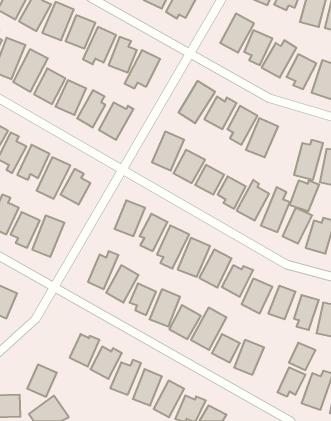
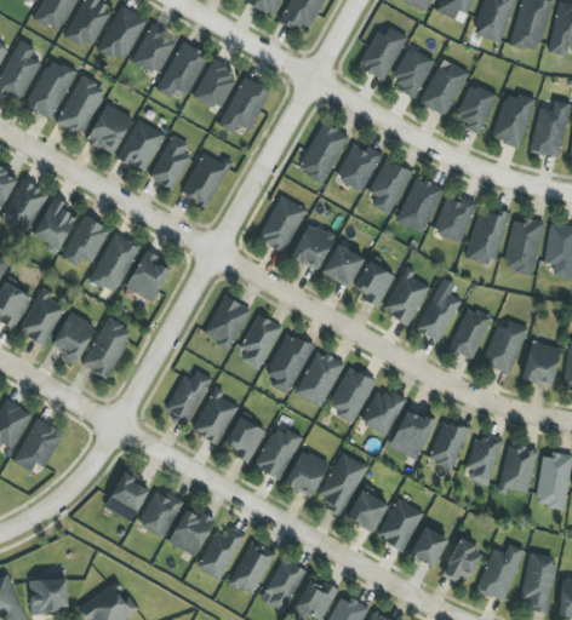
building: [289,181,319,211] -> [434,196,477,241]
building: [289,343,316,370] -> [410,527,448,567]
building: [27,364,57,397] -> [105,473,149,521]

